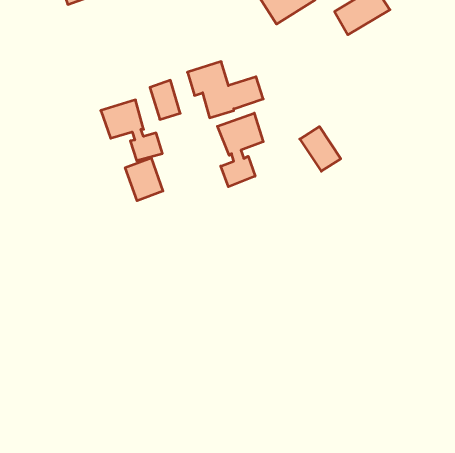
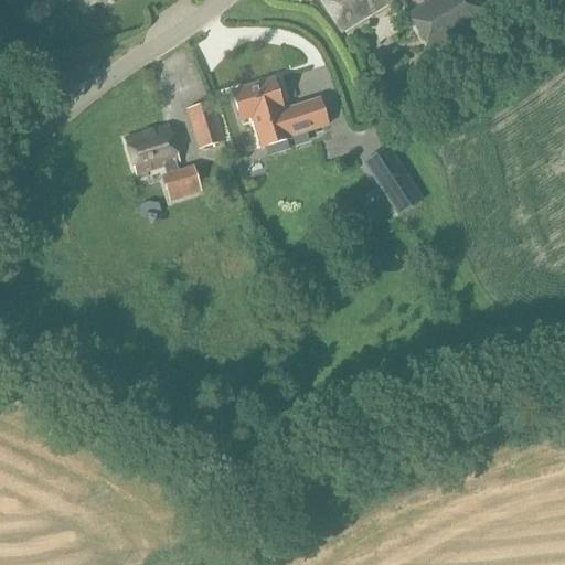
building: [217,113,263,187] -> none
building: [125,158,163,201] -> none

